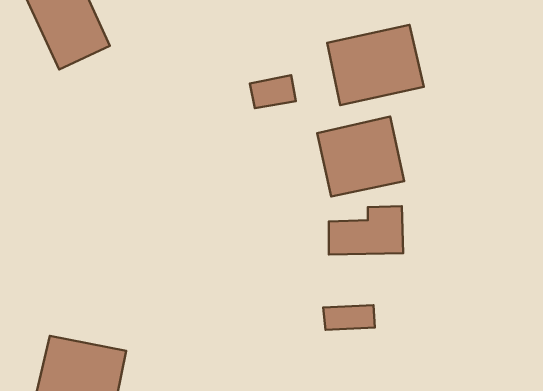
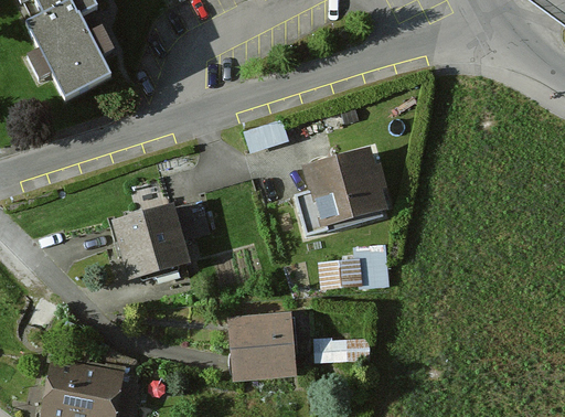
building: [327,25,424,105] -> none
building: none -> [110,206,204,281]
building: none -> [226,313,296,379]

